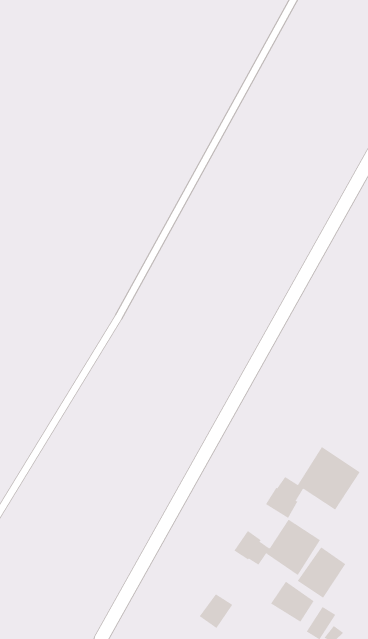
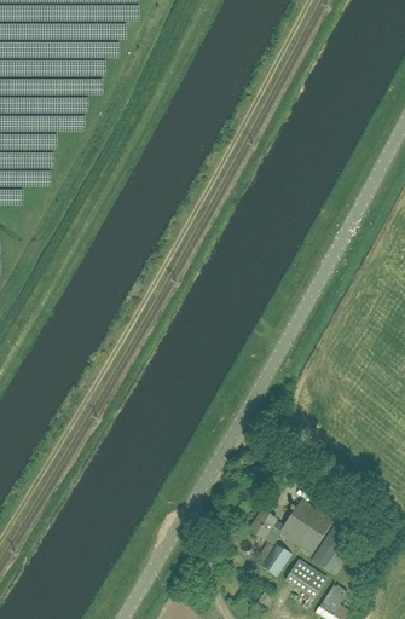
building: [265,446,360,519] -> none
building: [199,593,233,629] -> [258,543,290,577]

